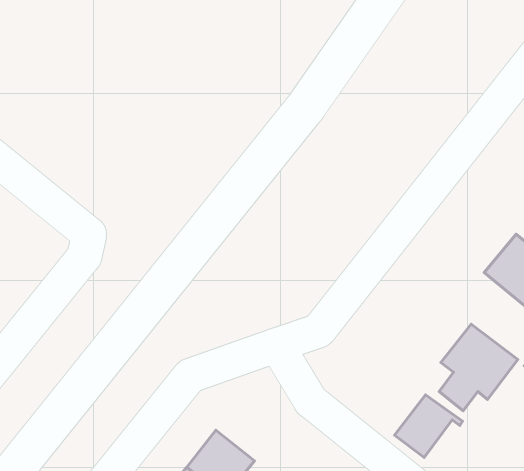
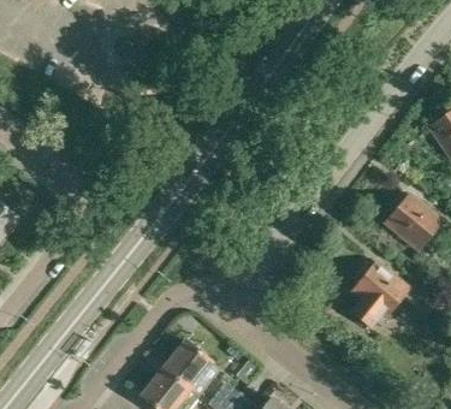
building: [395,395,462,457] -> none

